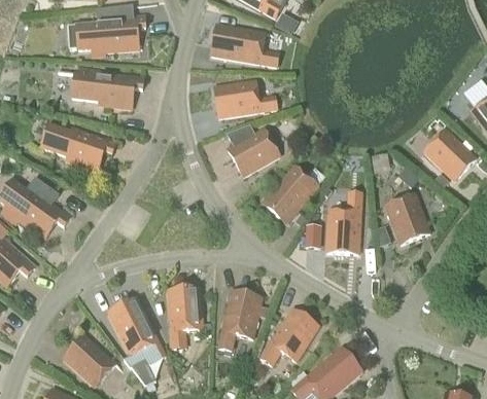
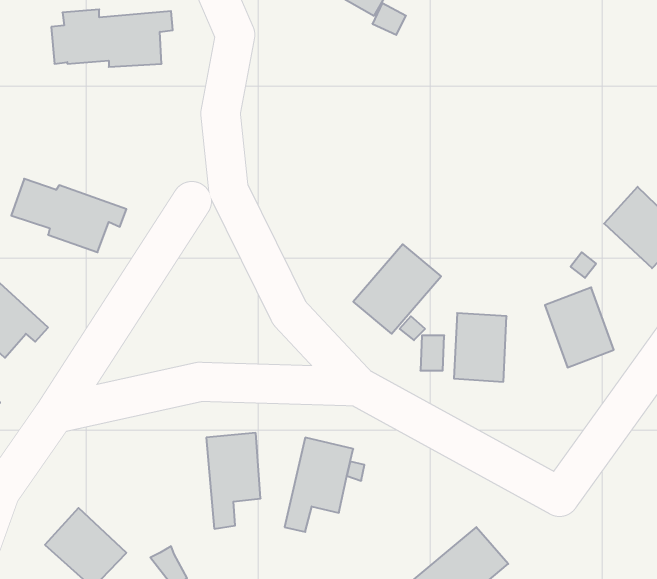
building: [210,23,280,66] -> none
building: [71,64,143,108] -> none
building: [213,79,276,117] -> none
building: [227,126,279,176] -> none
building: [107,297,158,355] -> none
building: [259,307,318,366] -> none

